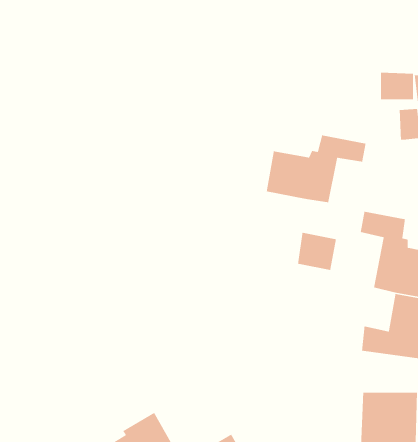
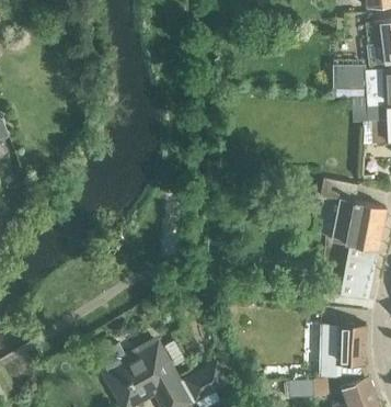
building: [266,134,367,203] -> none
building: [297,232,337,271] -> none

